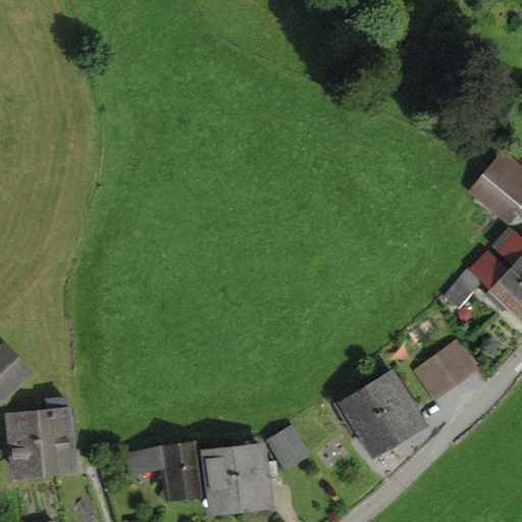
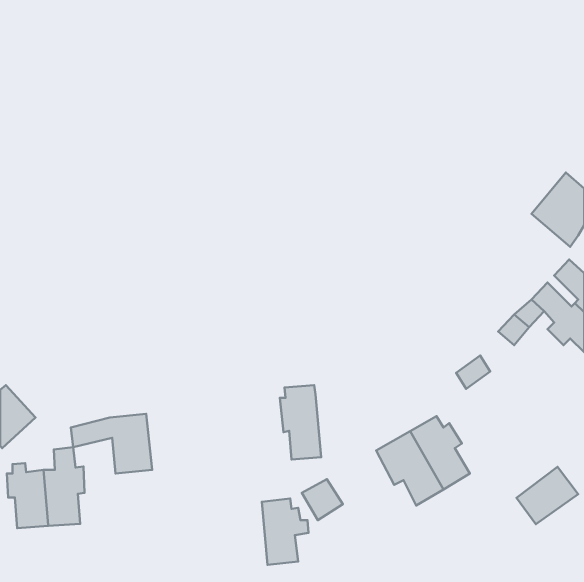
building: [419,346,474,397] -> [516,467,578,524]
building: [202,441,239,508] -> [280,385,321,460]
building: [128,445,201,498] -> [71,414,152,473]

